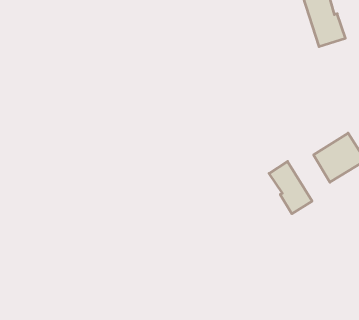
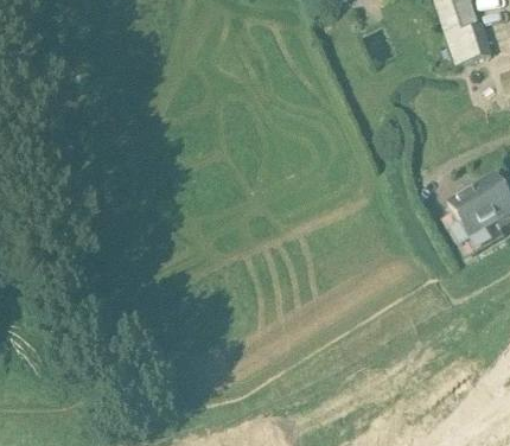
building: [269,161,312,214] -> none

